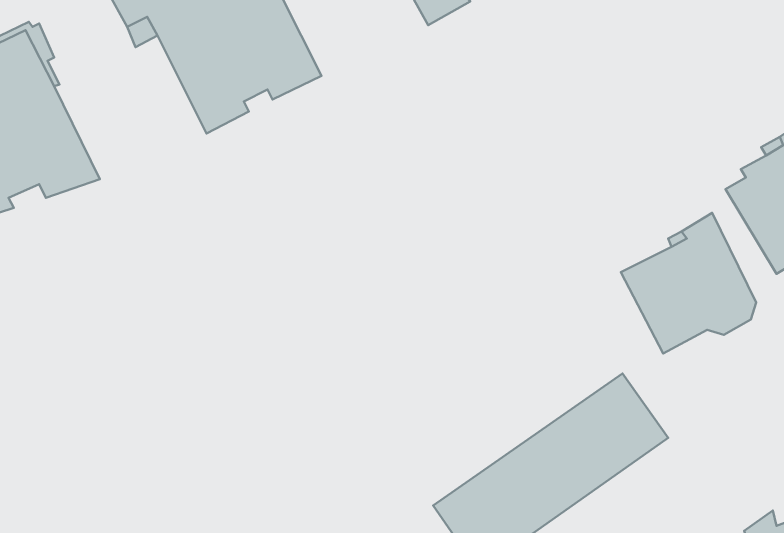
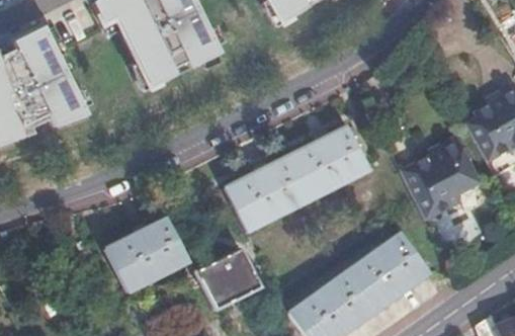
building: none -> [226,129,368,233]
building: none -> [104,219,188,293]
building: none -> [196,248,262,311]

